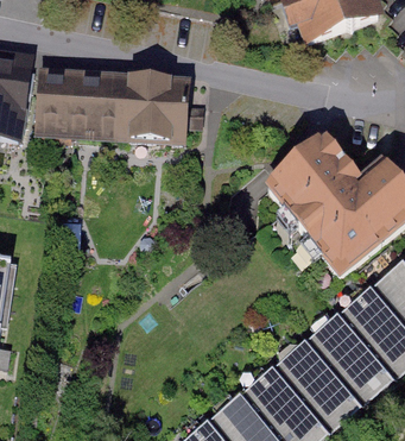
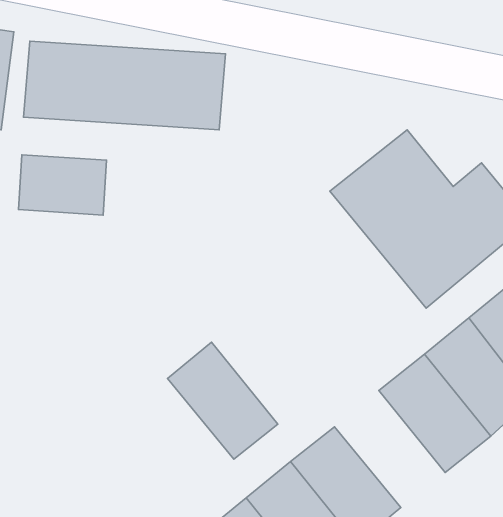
building: none -> [19,155,106,215]
building: [272,334,355,422] -> [167,342,278,459]

